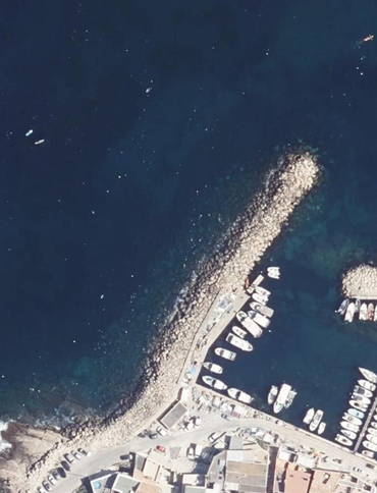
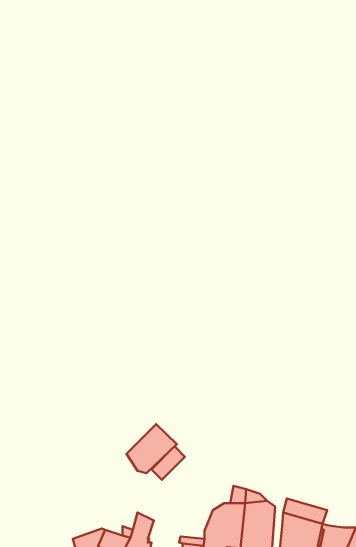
building: none -> [127,424,177,473]

